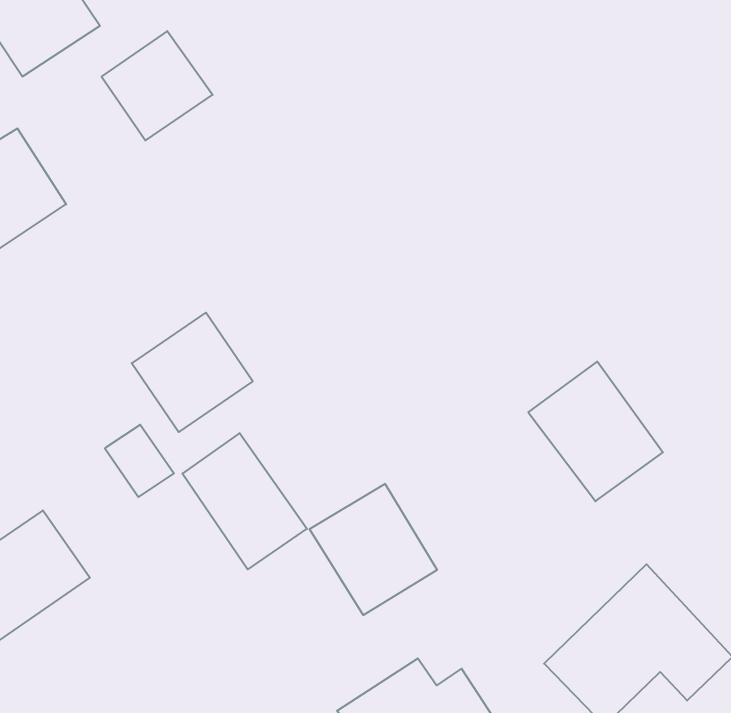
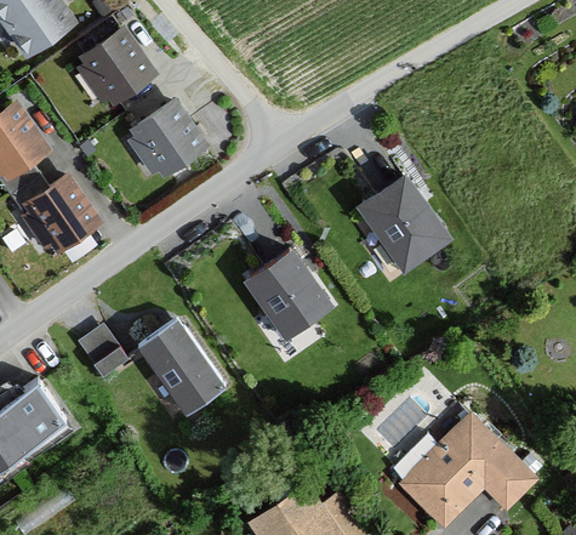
building: none -> [127,101,209,181]
building: [132,313,253,432] -> [16,171,103,257]
building: [528,362,663,501] -> [355,172,452,273]
building: [309,484,437,615] -> [243,246,335,341]

